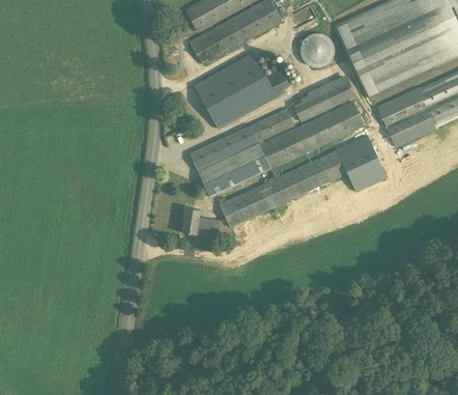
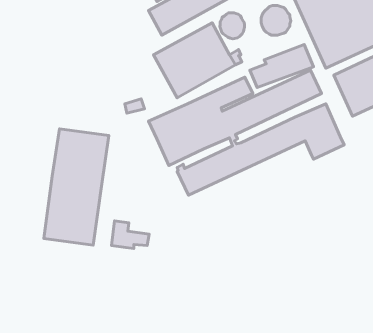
building: none -> [220,13,245,39]
building: none -> [44,129,109,245]
building: [181,206,220,234] -> [111,221,149,249]

